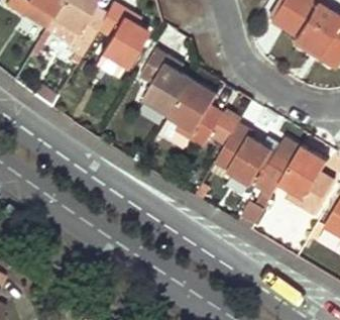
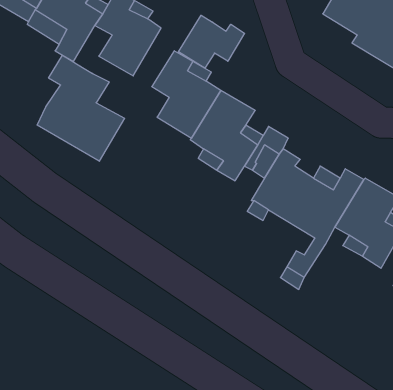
building: none -> [178,15,245,68]
building: none -> [37,55,125,161]

